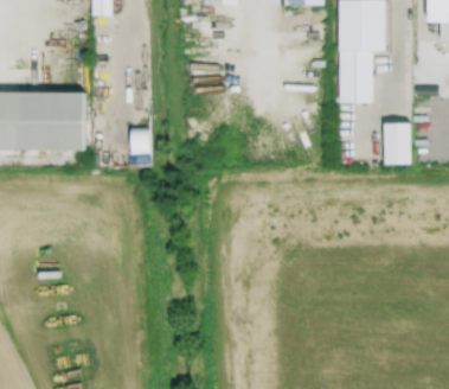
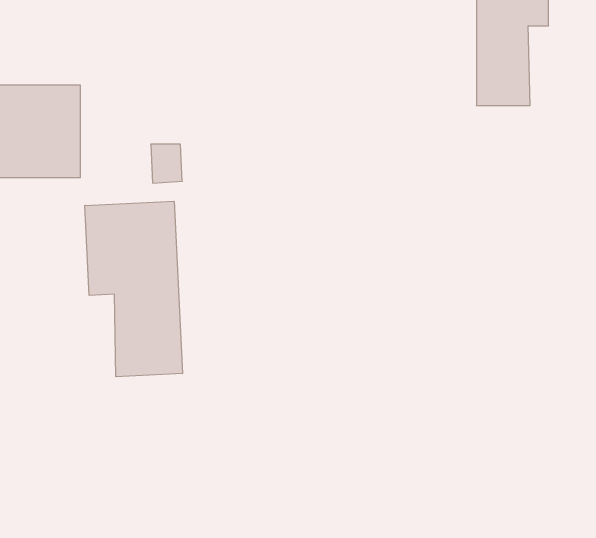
building: [384,122,410,166] -> none
building: none -> [85,201,182,377]

